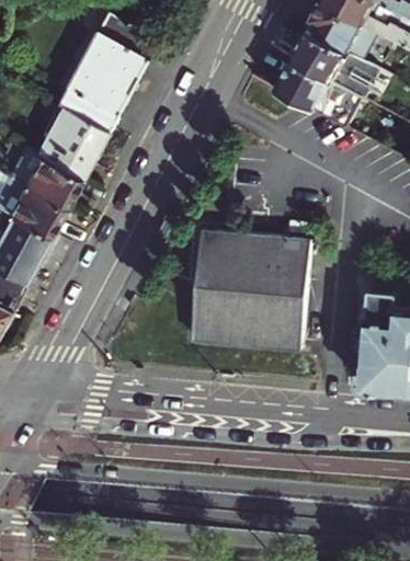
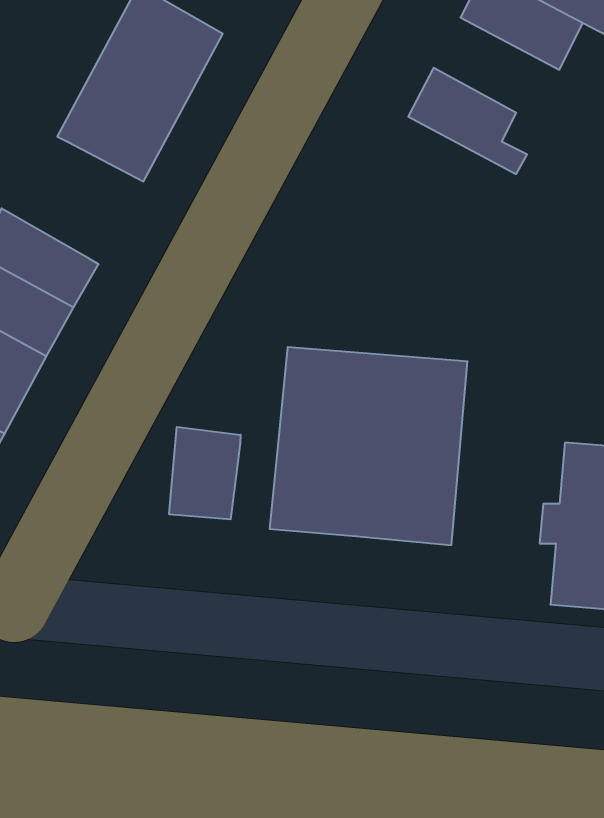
building: [288,30,377,100] -> none
building: [41,105,112,176] -> none
building: none -> [169,427,241,519]

